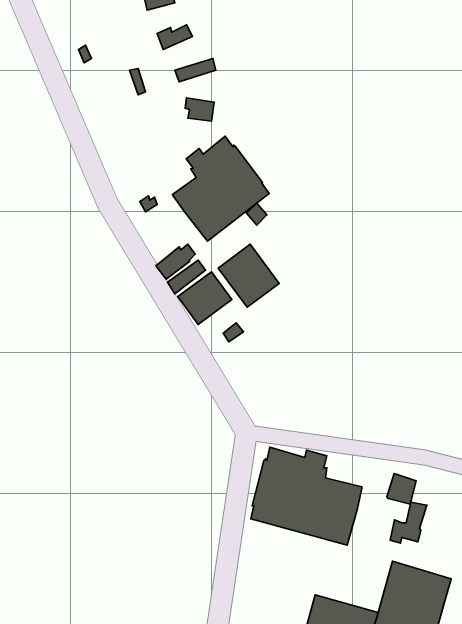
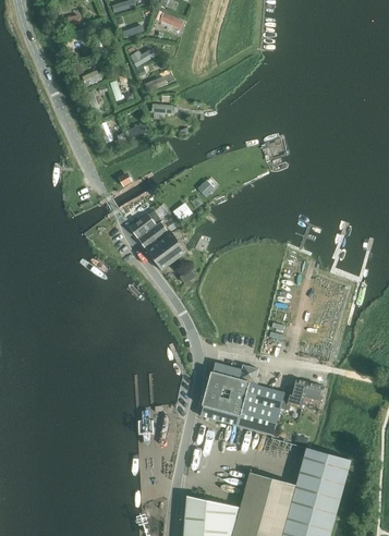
building: [172,136,269,241] -> none
building: [218,244,279,307] -> none
building: [390,502,427,543] -> [280,380,307,411]

